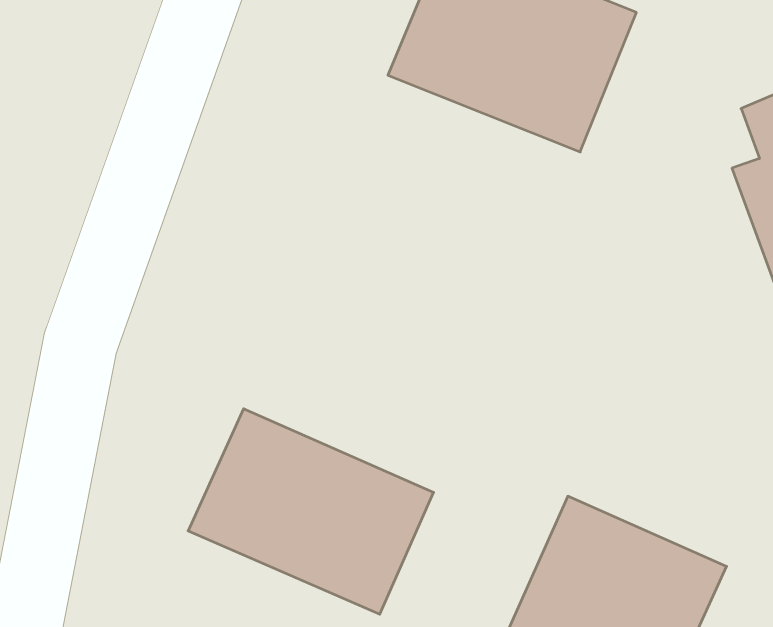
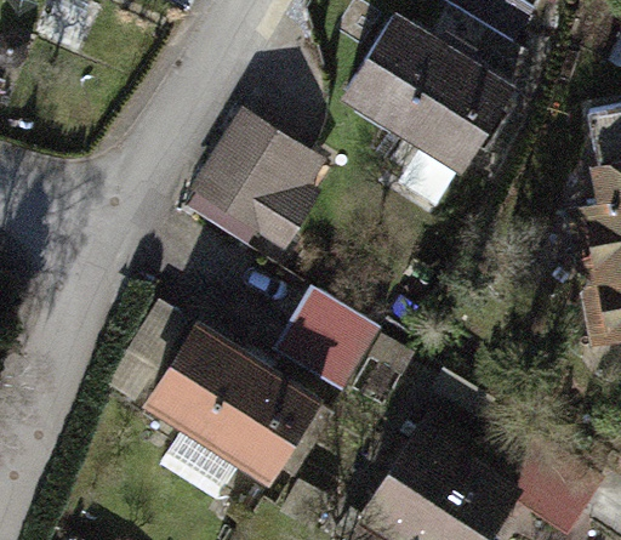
building: none -> [192,109,344,260]
building: none -> [280,291,388,393]

